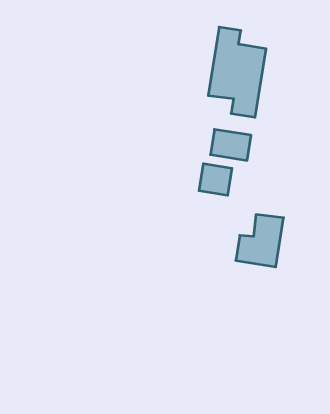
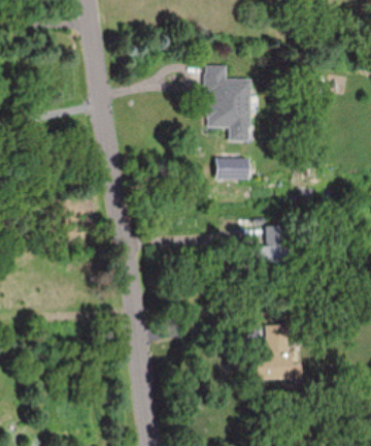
building: [199,164,232,195] -> none
building: none -> [255,325,292,380]

